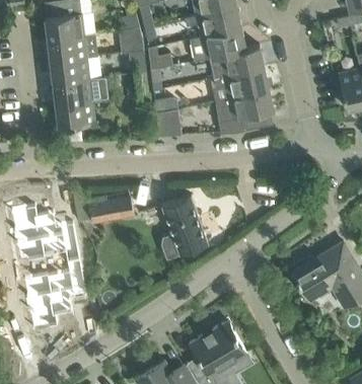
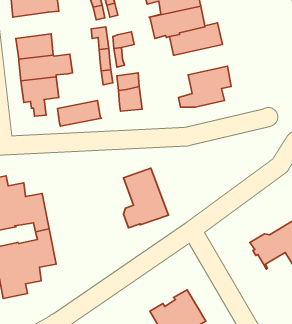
building: [47,33,97,62] -> none
building: [214,68,269,99] -> none
building: [88,197,134,223] -> [57,101,101,126]

